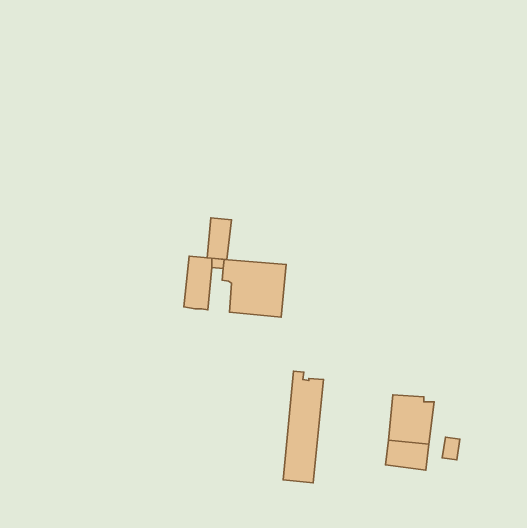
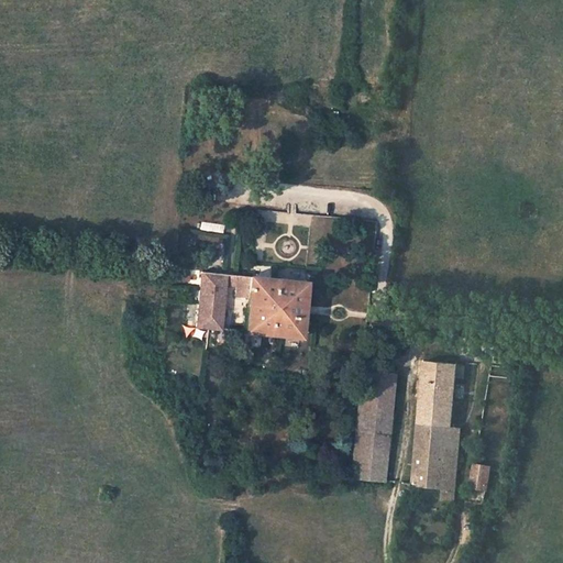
building: [207,218,231,260] -> none
building: none -> [419,364,457,422]
building: [283,371,323,483] -> [352,363,395,482]

